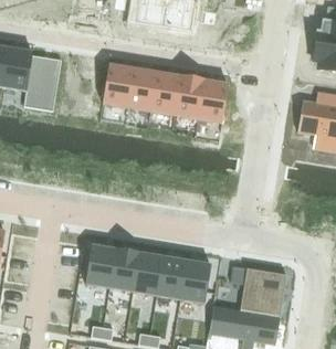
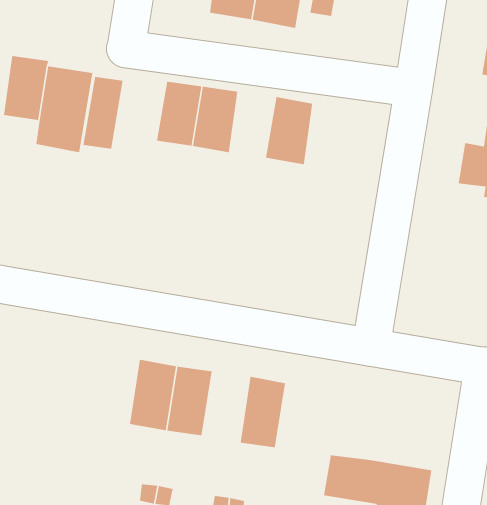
building: none -> [83,76,123,149]
building: [149,71,179,114] -> none
building: [198,80,228,121] -> none
building: [132,252,162,298] -> none
building: [179,260,210,306] -> none
building: [232,265,288,316] -> none

